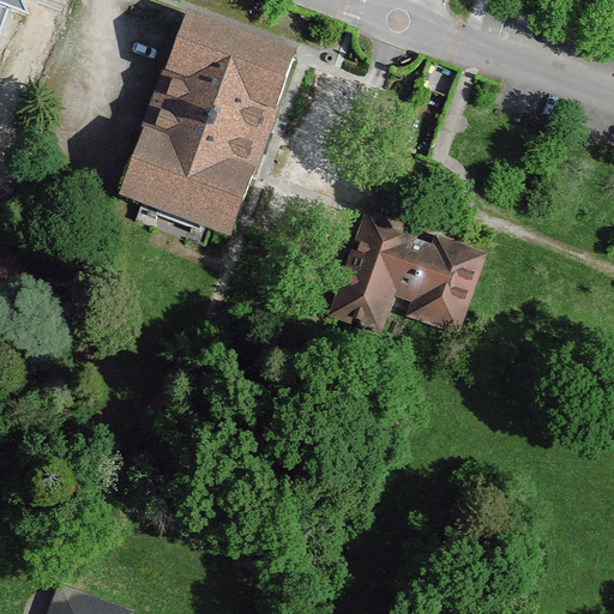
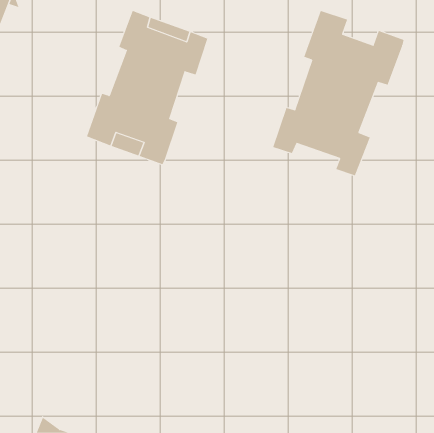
building: none -> [272,10,404,176]
building: [336,216,478,324] -> none

